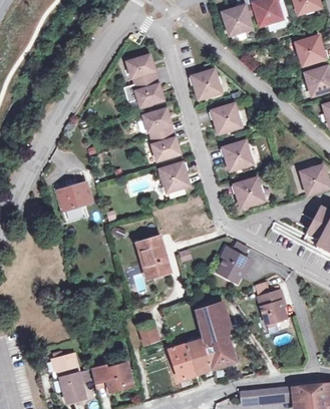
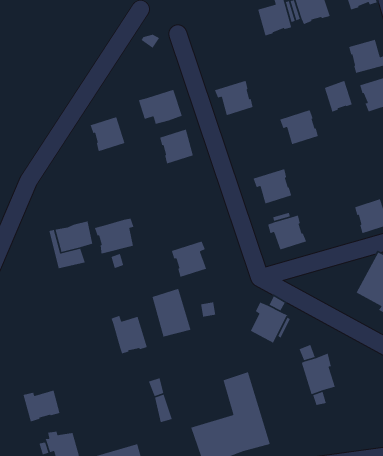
building: [127,54,156,83] -> [90,116,126,152]
building: none -> [324,80,353,113]
building: [209,103,241,132] -> [279,109,319,145]
building: [150,130,180,159] -> none
building: [160,161,190,191] -> [171,241,207,278]
building: none -> [94,218,135,255]
building: none -> [111,315,148,354]
building: none -> [22,390,60,423]

